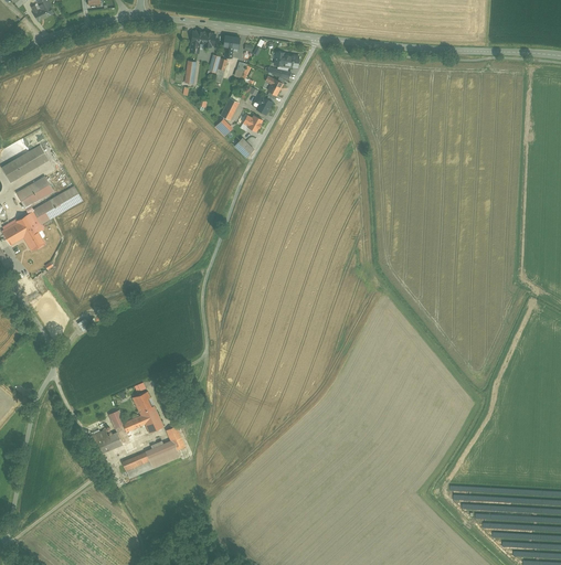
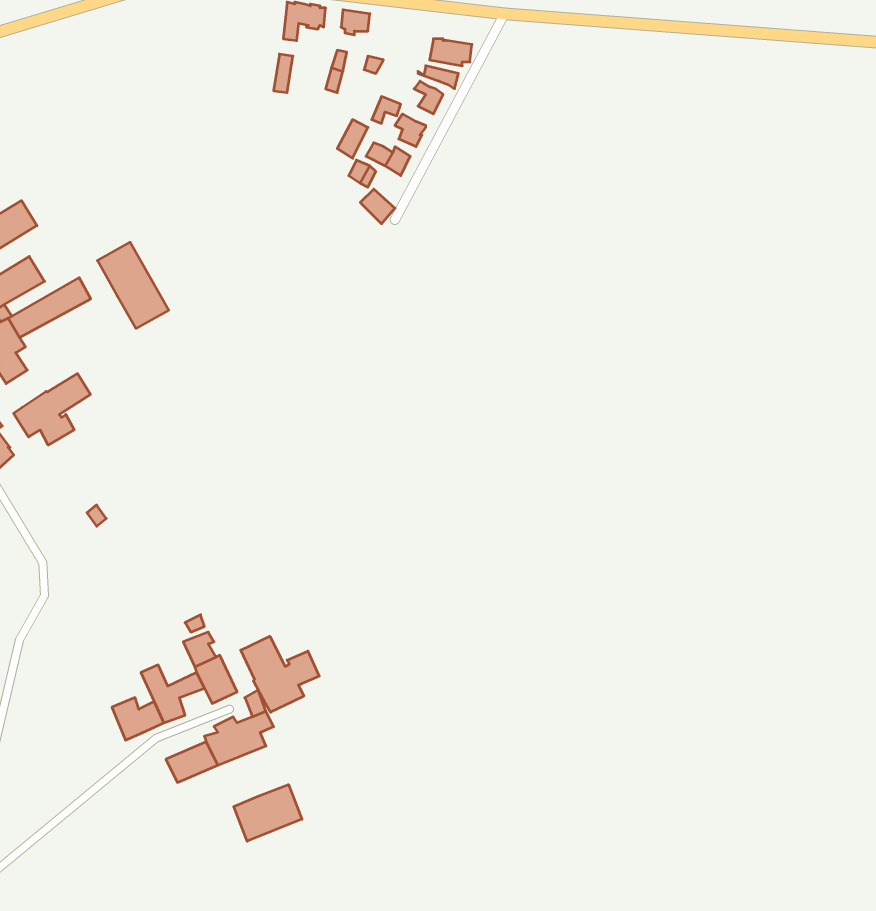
building: none -> [97,242,169,328]
building: none -> [14,374,90,445]
building: none -> [241,636,319,712]
building: none -> [234,785,302,841]

